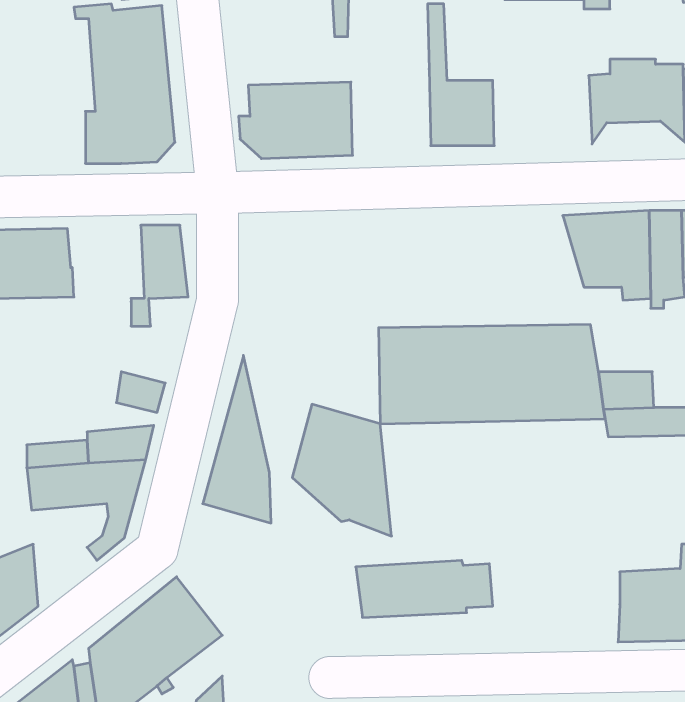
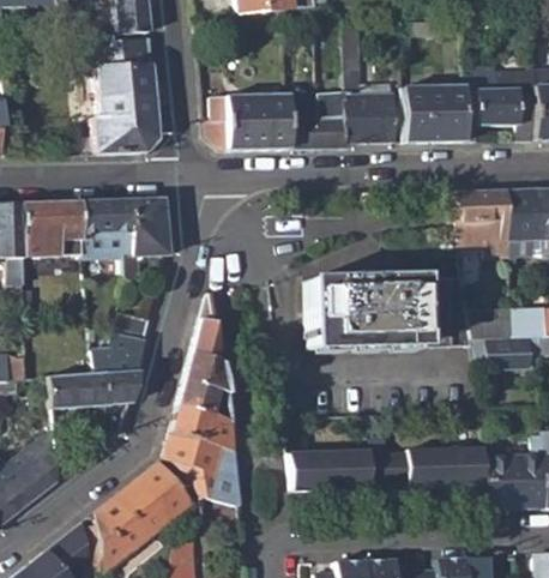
building: none -> [288,72,348,149]
building: none -> [403,86,466,142]
building: none -> [80,200,137,257]
building: [292,404,392,536] -> [165,405,239,502]
building: none -> [391,442,487,483]

